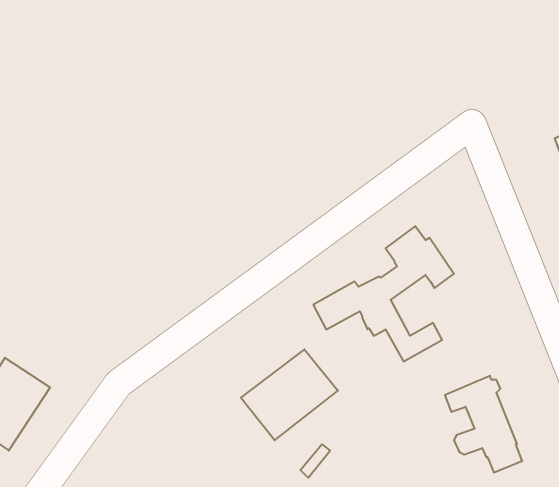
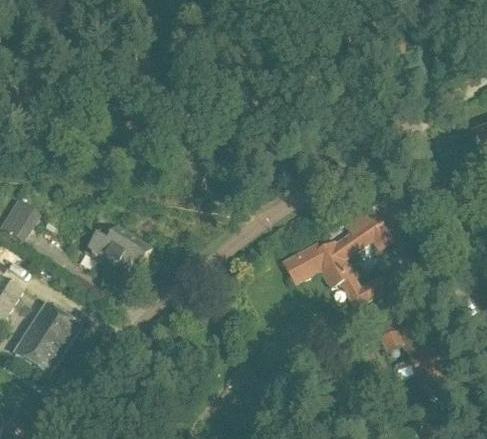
building: none -> [83,225,150,275]
building: [241,349,338,440] -> none

